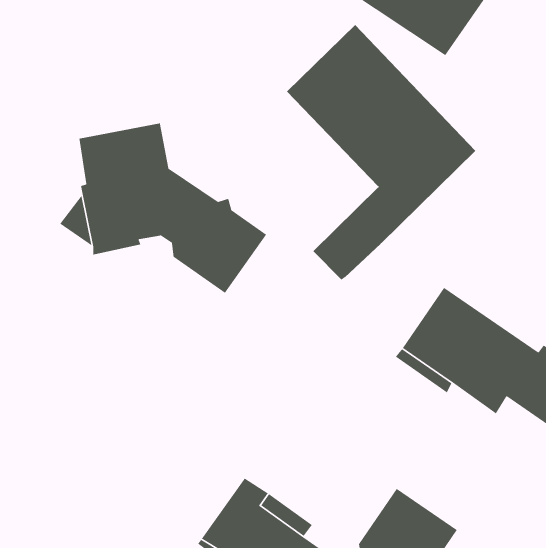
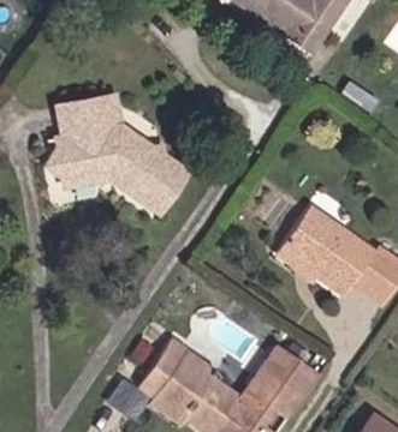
building: [286,24,476,281] -> none

